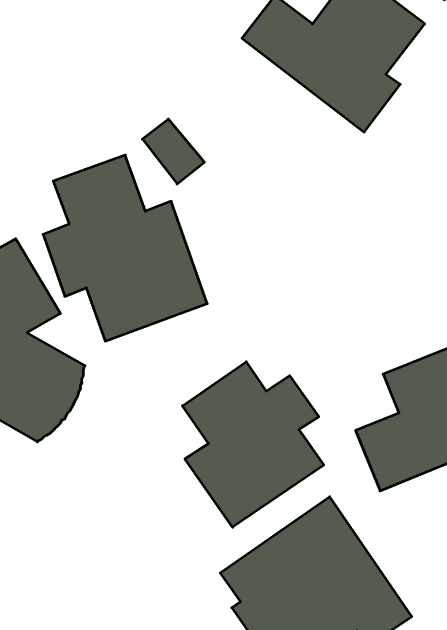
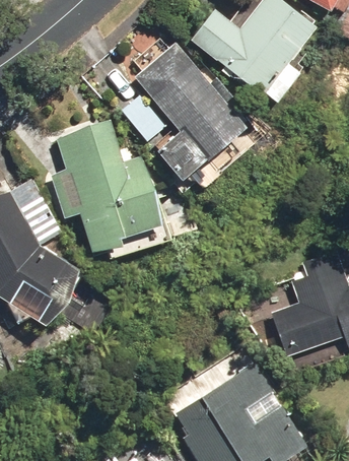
building: none -> [131,42,247,180]
building: [182,362,324,527] -> none

